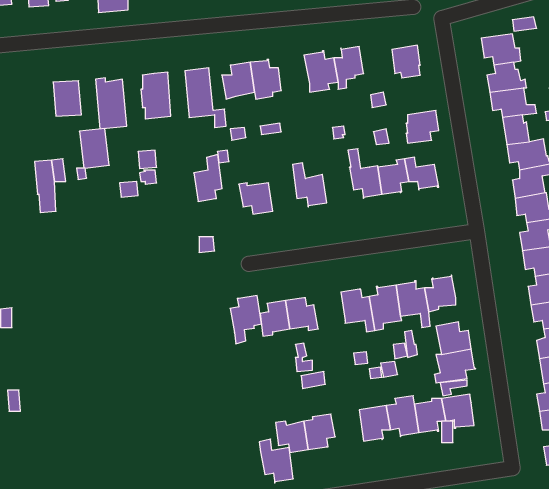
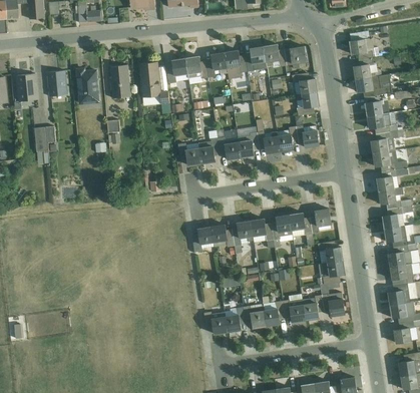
building: none -> [263,43,288,67]
building: none -> [205,52,228,77]
building: none -> [292,72,317,95]
building: [77,128,109,179] -> [14,73,37,109]
building: [194,155,222,201] -> [198,129,219,162]
building: none -> [236,126,259,156]
building: [230,296,261,344] -> [231,220,253,254]
building: [259,439,293,483] -> [242,297,266,328]

